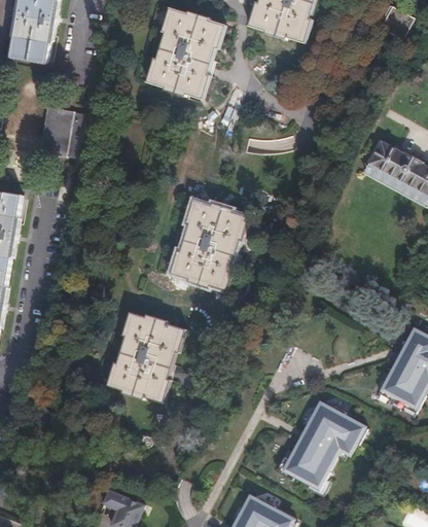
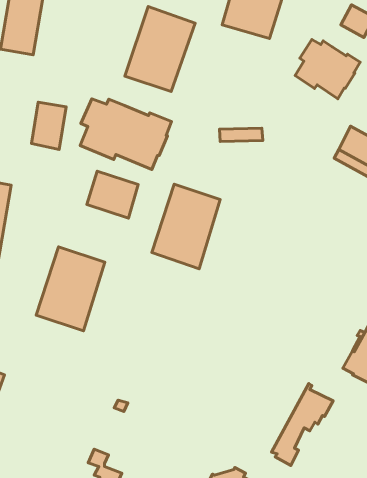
building: none -> [295,39,360,99]
building: none -> [80,99,172,170]
building: none -> [87,171,138,218]
building: [108,310,181,399] -> [36,247,105,331]
building: [274,407,341,484] -> none

